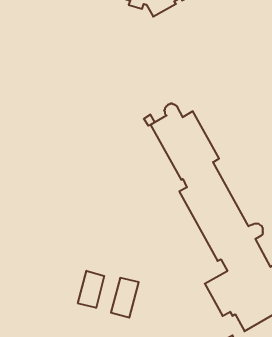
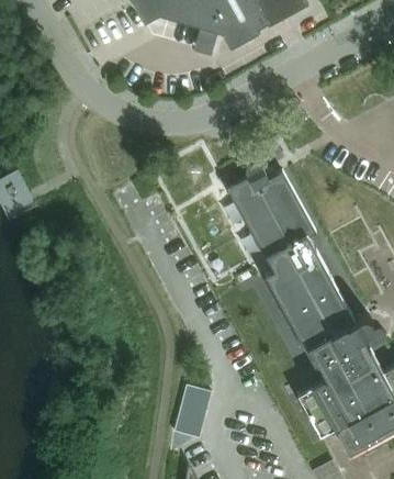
building: [78,271,104,308] -> none

